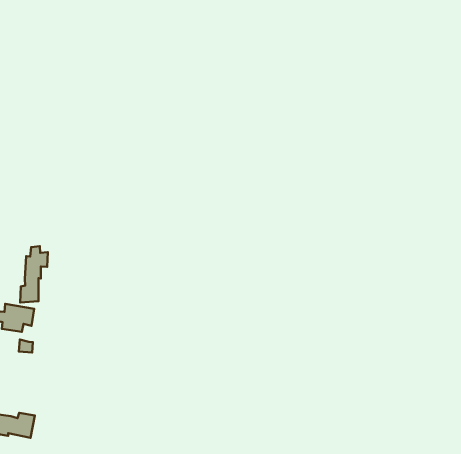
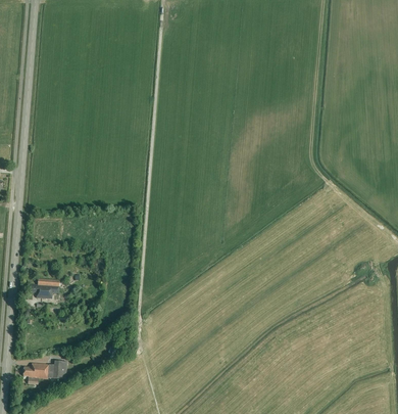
building: [20,246,48,303] -> none

